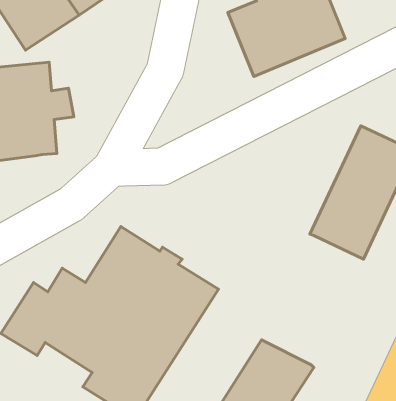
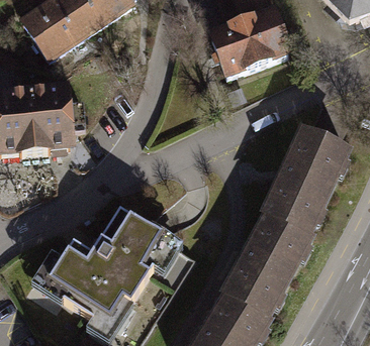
building: none -> [227,210,312,310]

